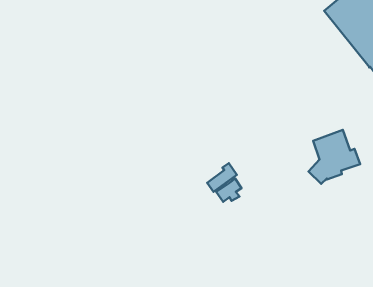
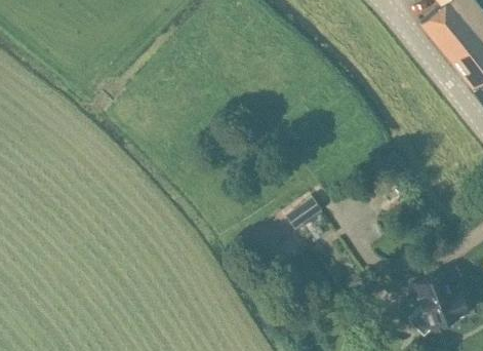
building: [309,130,360,184] -> [408,271,467,333]

